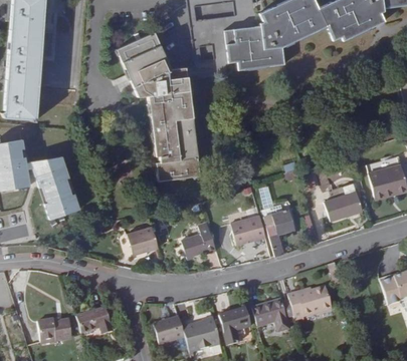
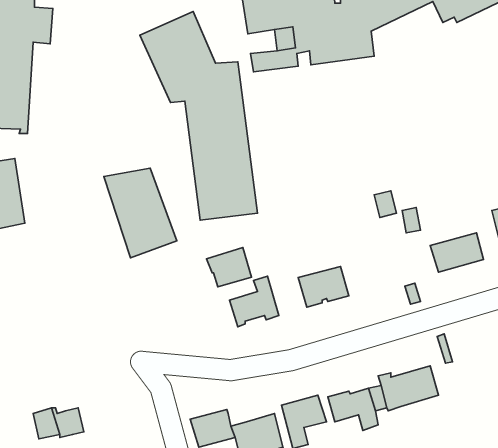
building: [33,154,85,219] -> [104,168,177,258]
building: [264,209,295,256] -> none
building: [127,225,159,253] -> [207,248,251,287]
building: [77,310,113,335] -> none

